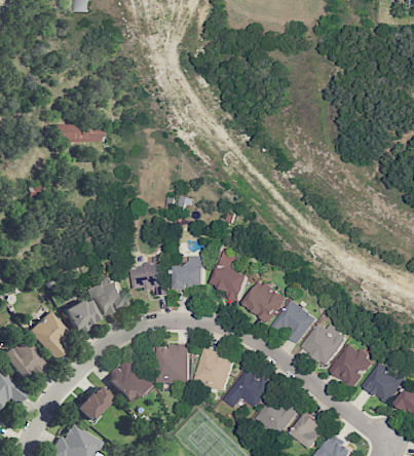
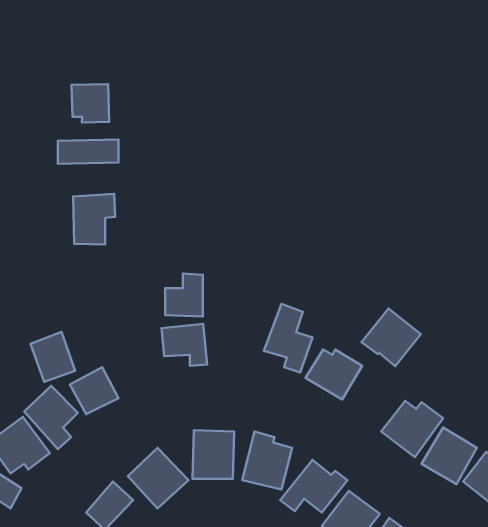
building: none -> [71,84,109,123]
building: none -> [73,194,115,244]
building: [174,255,202,288] -> [165,273,203,317]
building: [89,276,123,314] -> [31,332,75,382]
building: [270,299,315,343] -> [362,308,421,366]

